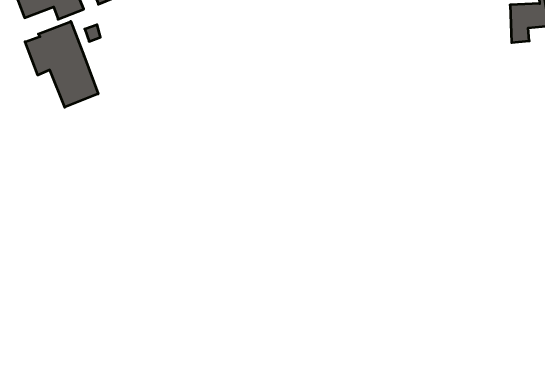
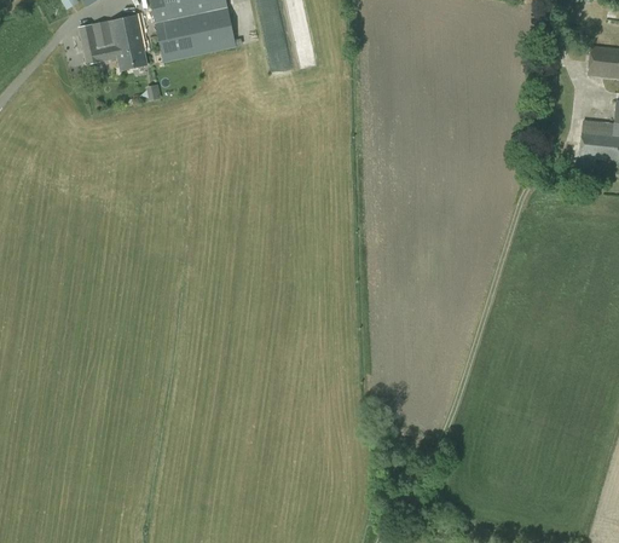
building: [25,21,98,107] -> none

